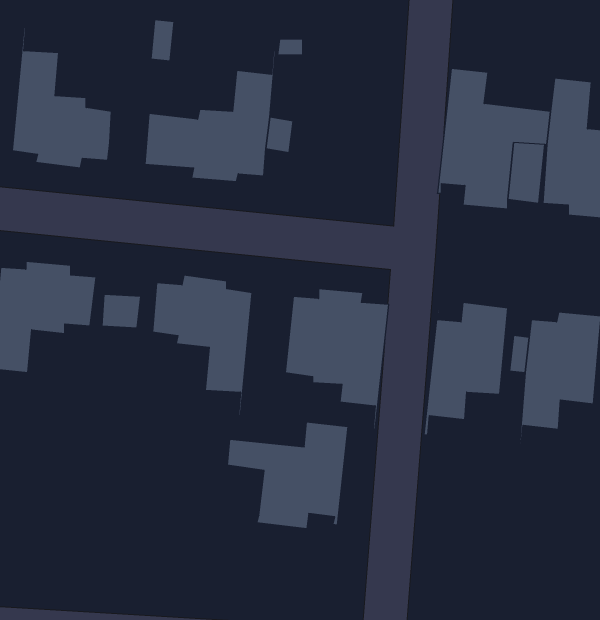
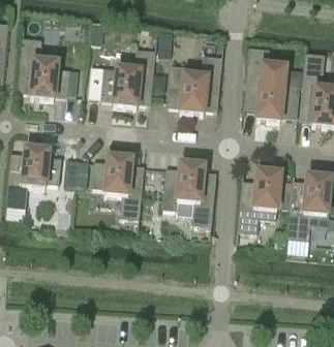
building: none -> [166,43,223,114]
building: [227,422,348,529] -> none

